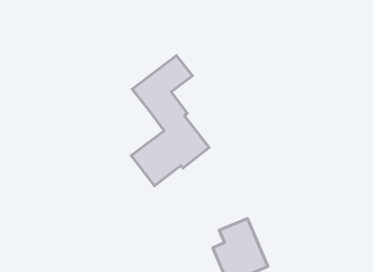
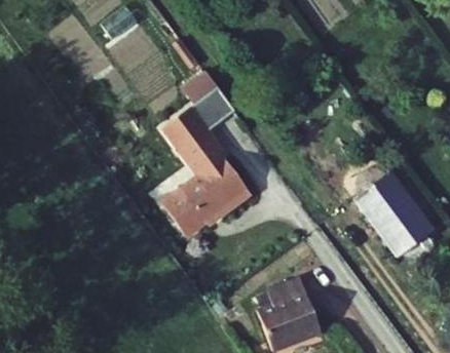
building: none -> [351,171,434,259]

